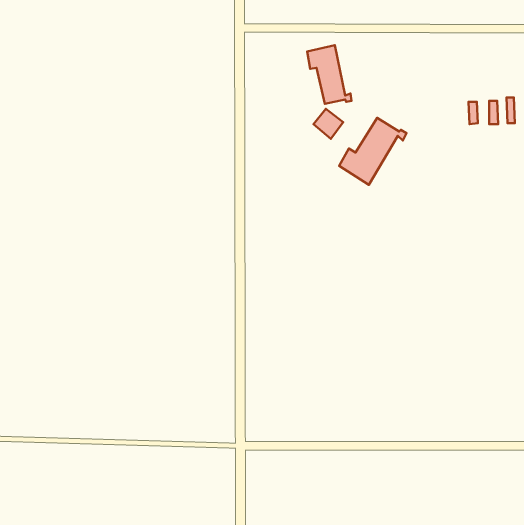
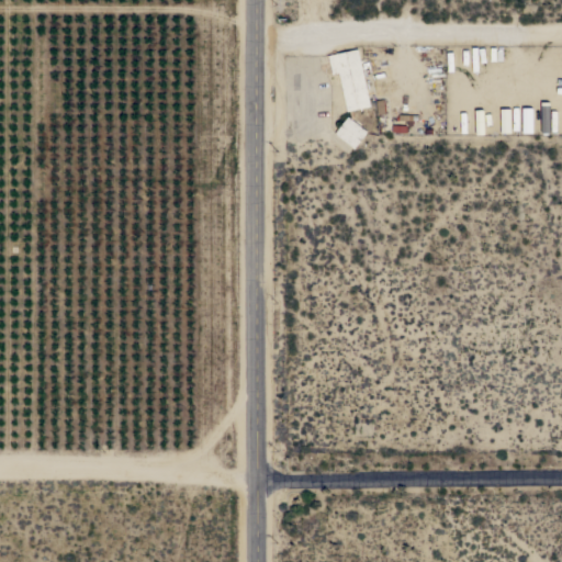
building: [339,118,406,185] -> none

